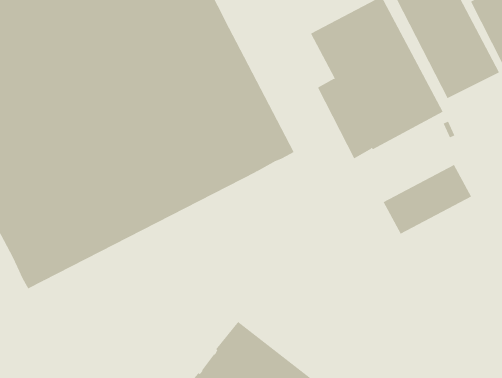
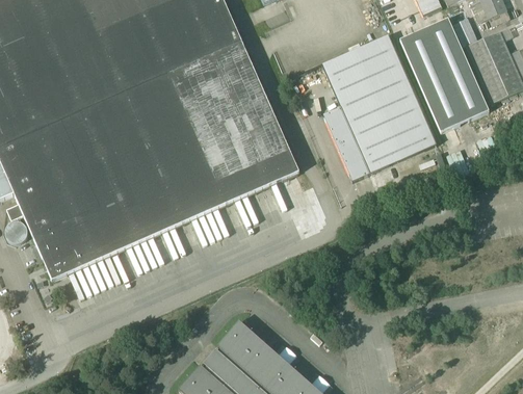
building: [383,164,472,234] -> none

